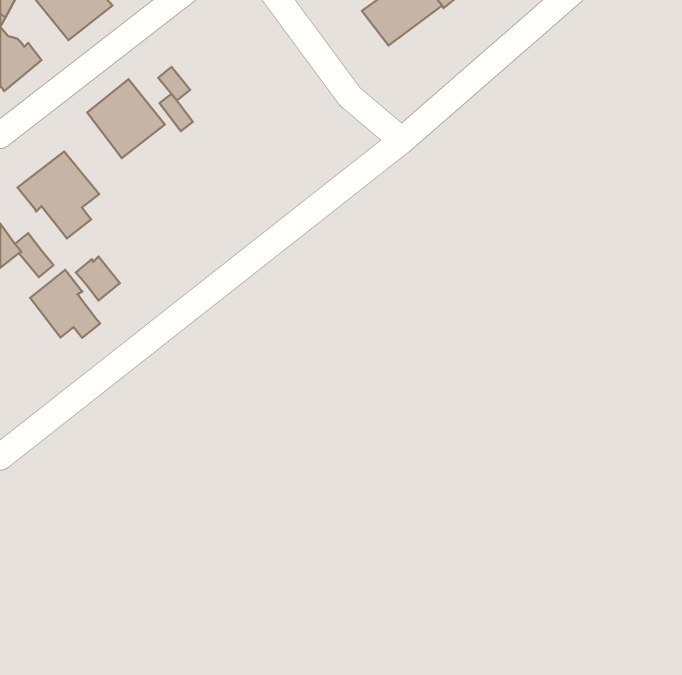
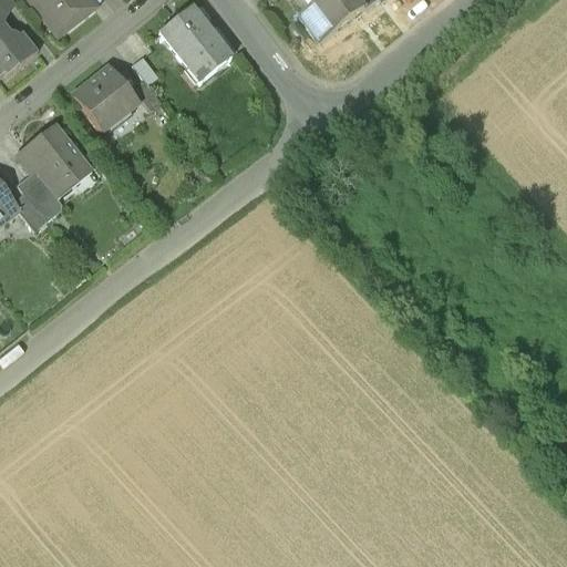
building: none -> [162,7,230,80]
building: [76,256,120,301] -> [18,171,54,207]
building: [30,270,100,338] -> none

